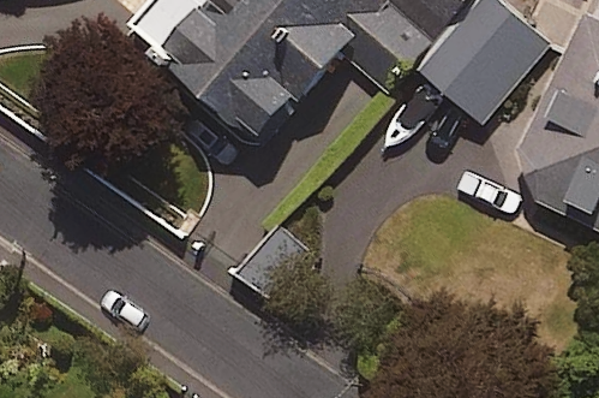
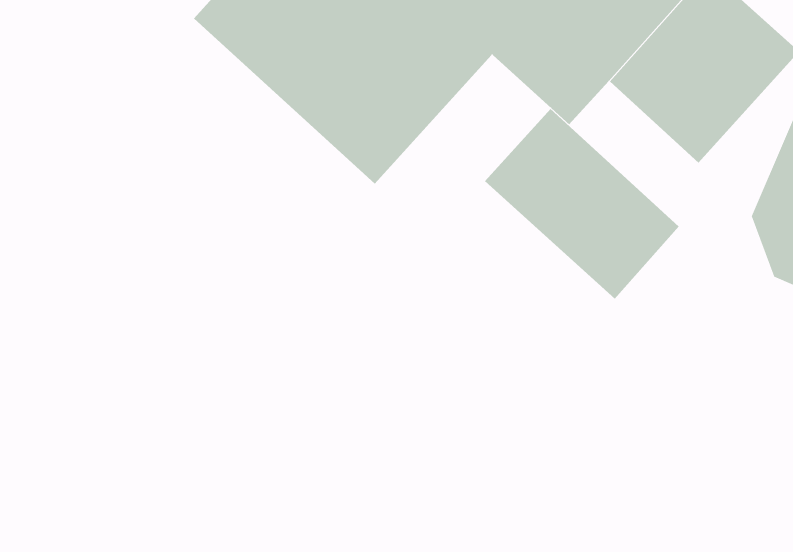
building: none -> [484,108,679,300]

